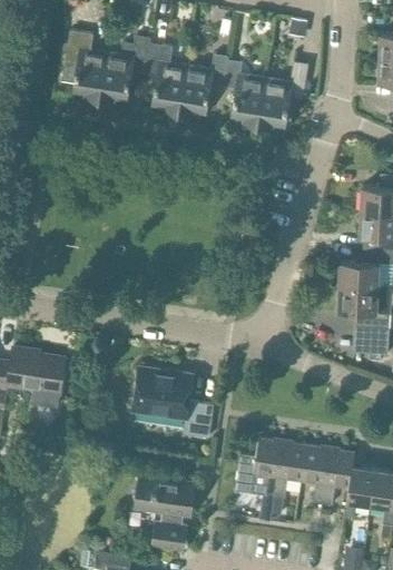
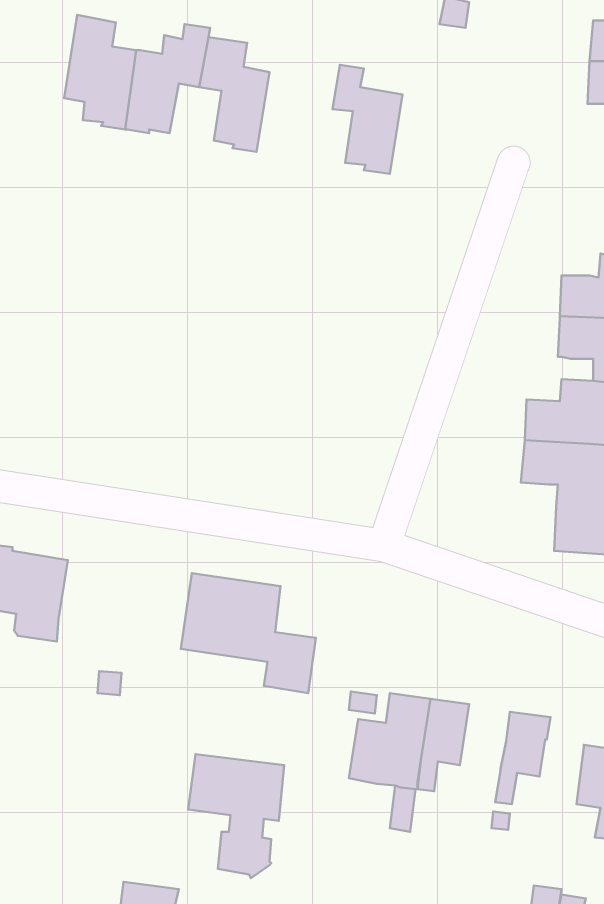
building: [178,55,228,116] -> none
building: [258,62,308,129] -> none
building: [301,446,331,505] -> none
building: [344,468,375,522] -> none

